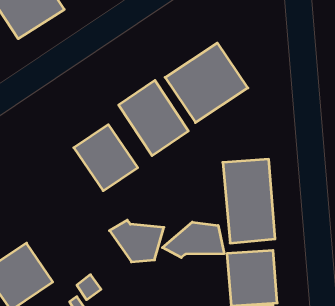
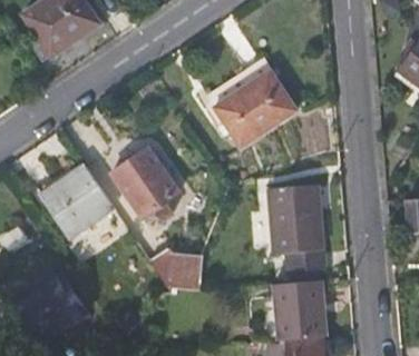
building: [119,80,188,156] -> none
building: none -> [39,166,114,238]
building: [162,222,224,258] -> none

